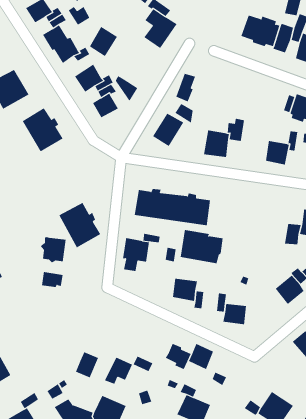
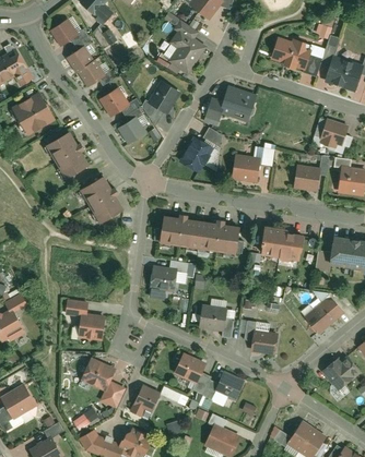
building: [89,26,118,57] -> [150,82,179,113]
building: none -> [220,86,256,121]
building: [58,202,101,248] -> [80,177,123,224]
building: [180,230,224,264] -> [260,226,305,261]
building: [40,236,67,263] -> [76,314,104,341]
building: none -> [175,353,204,383]
building: none -> [81,359,115,392]

